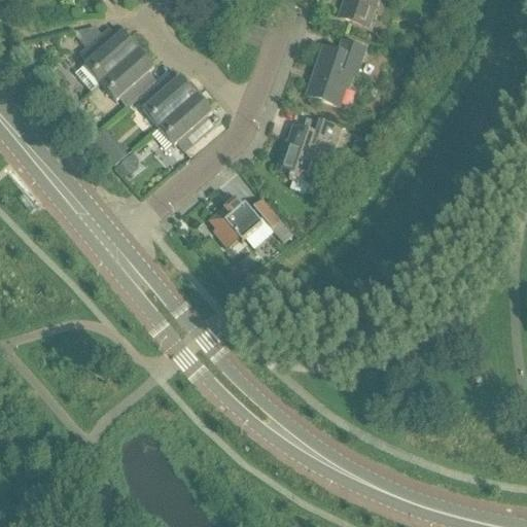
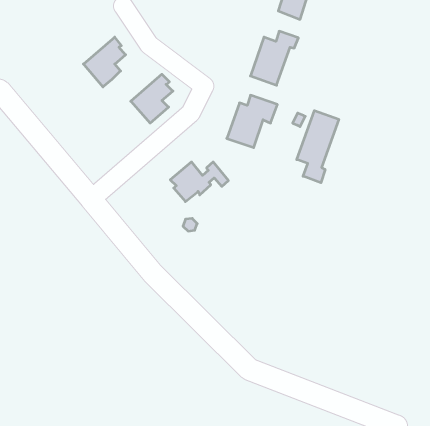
building: [75,30,140,90] -> none
building: [137,74,198,124] -> none
building: none -> [297,111,339,183]

